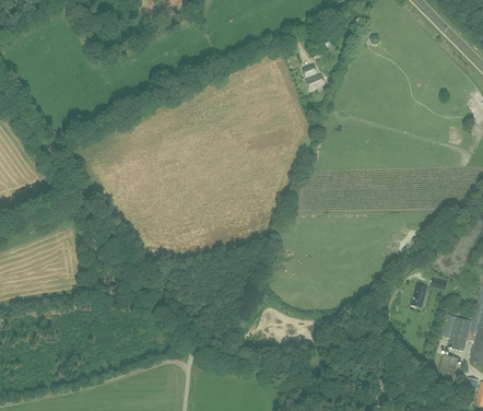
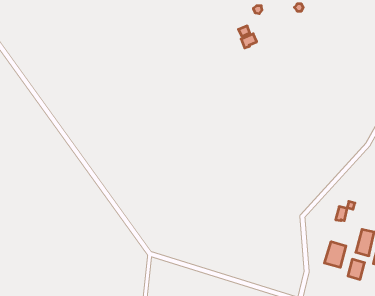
building: none -> [324,242,346,267]

